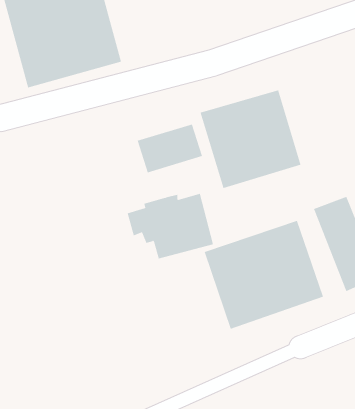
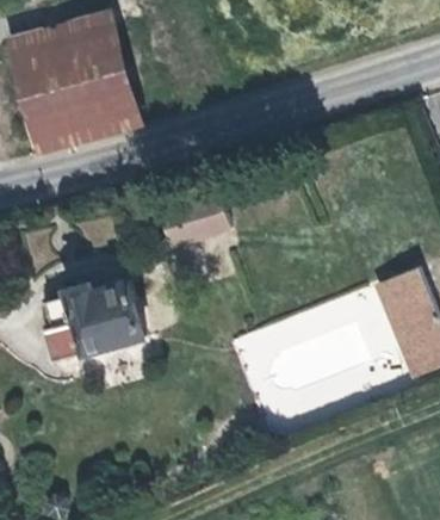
building: [200,89,301,189] -> none
building: [127,193,214,259] -> [43,279,142,354]

